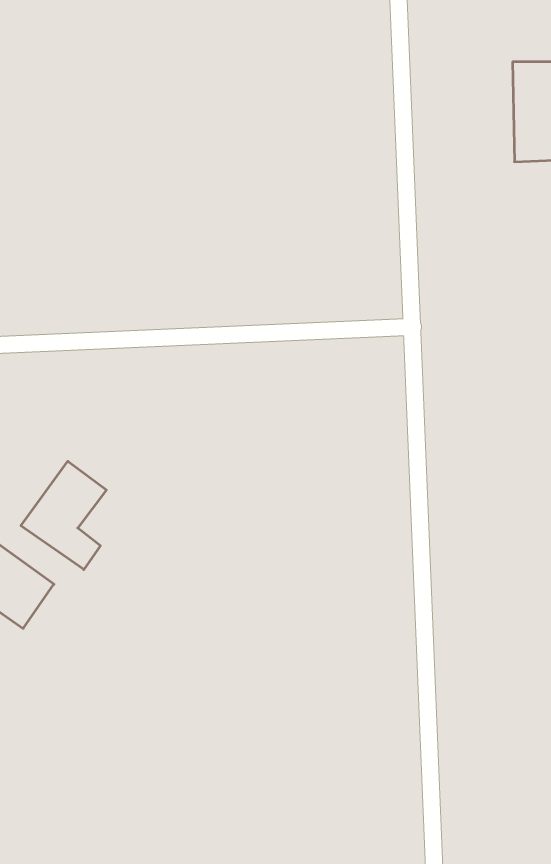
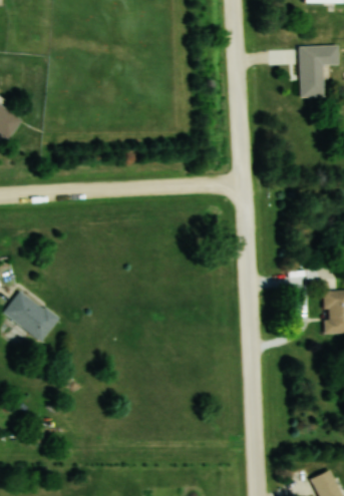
building: [21,461,106,570] -> none

